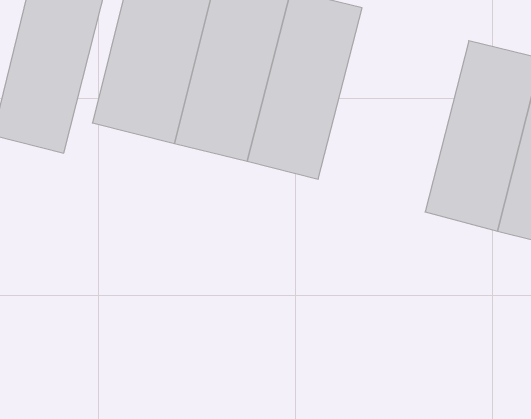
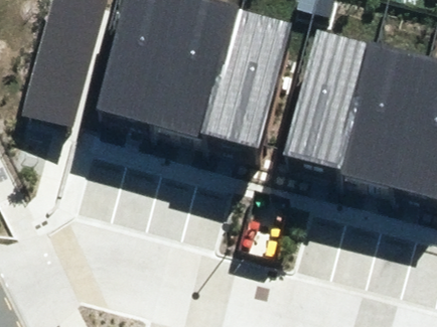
building: none -> [280,30,373,171]

